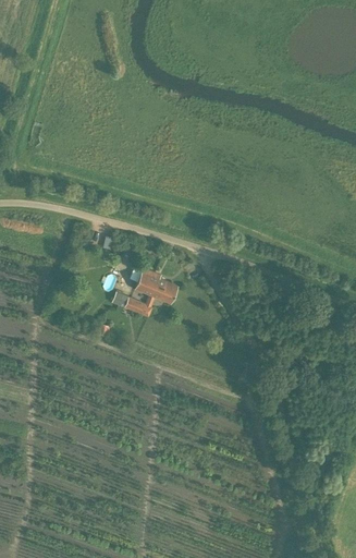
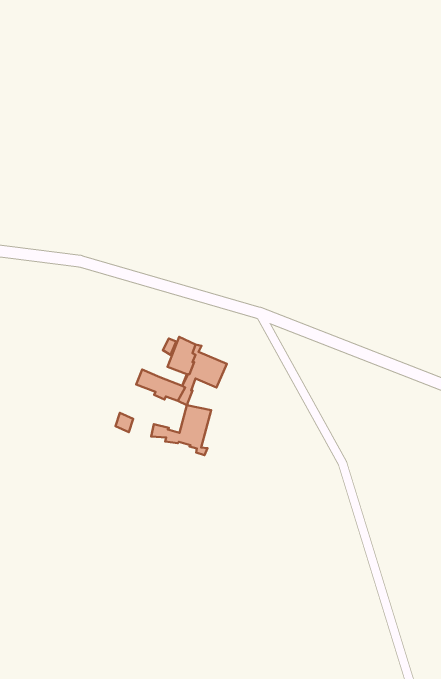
building: none -> [151,405,211,455]

